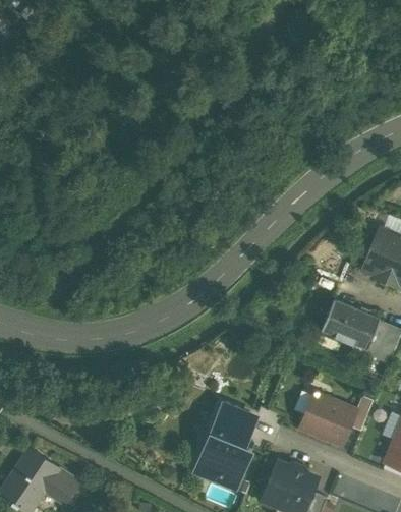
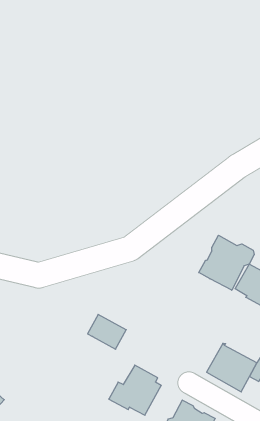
building: none -> [199,235,254,290]
building: [213,404,255,441] -> [88,314,126,349]

